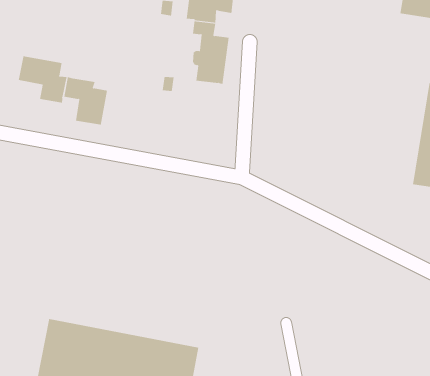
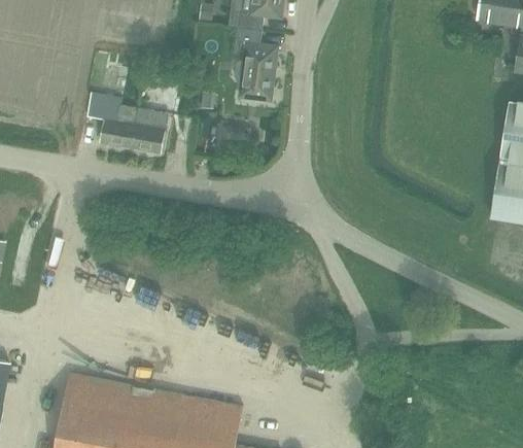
building: [18,55,67,104] -> none
building: none -> [130,109,169,156]

